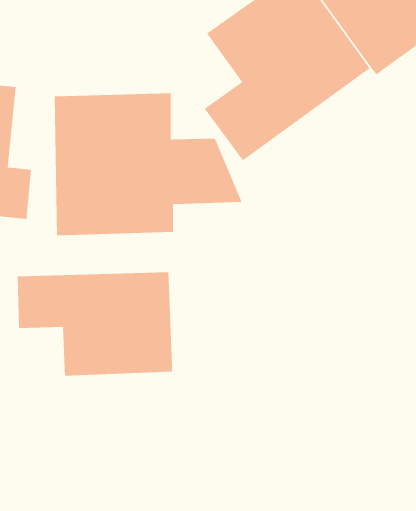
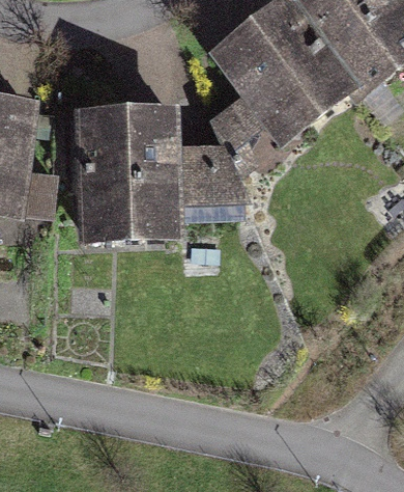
building: [17,271,173,376] -> none

